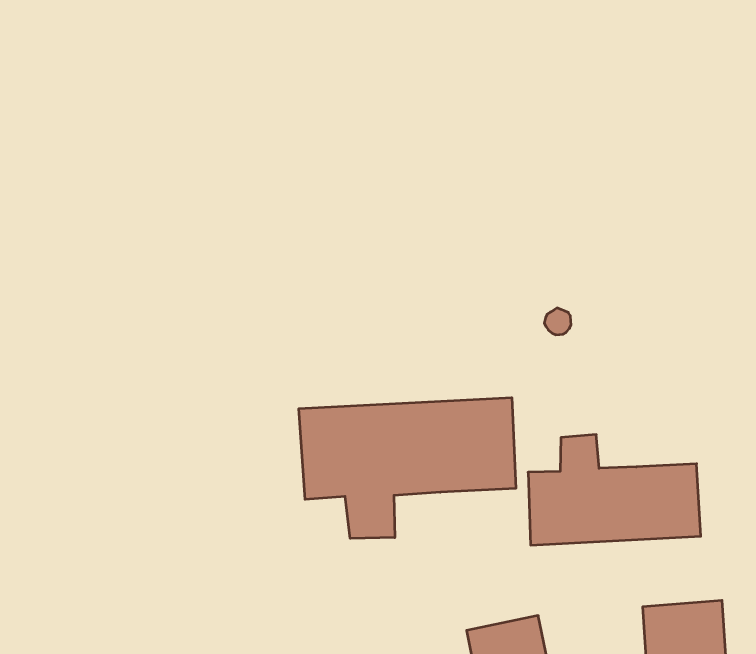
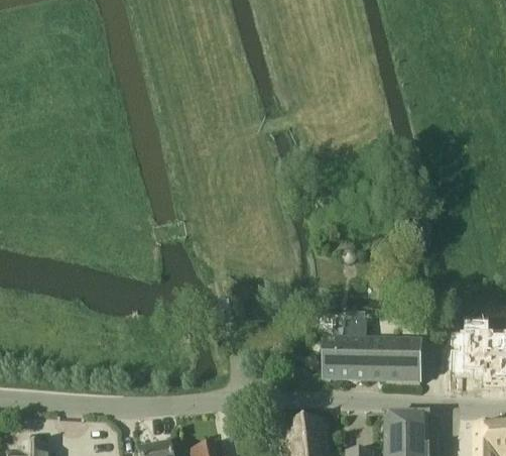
building: [299,398,516,538] -> none

